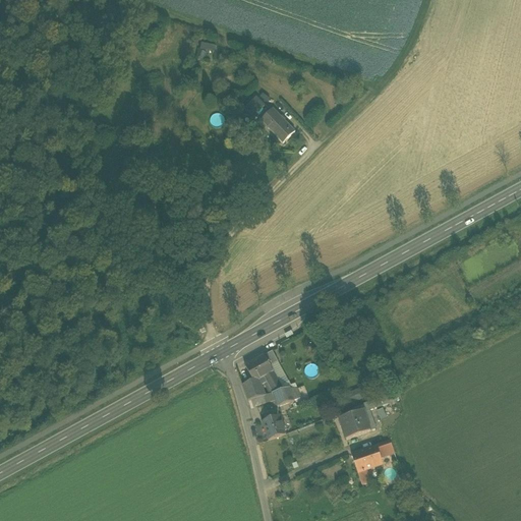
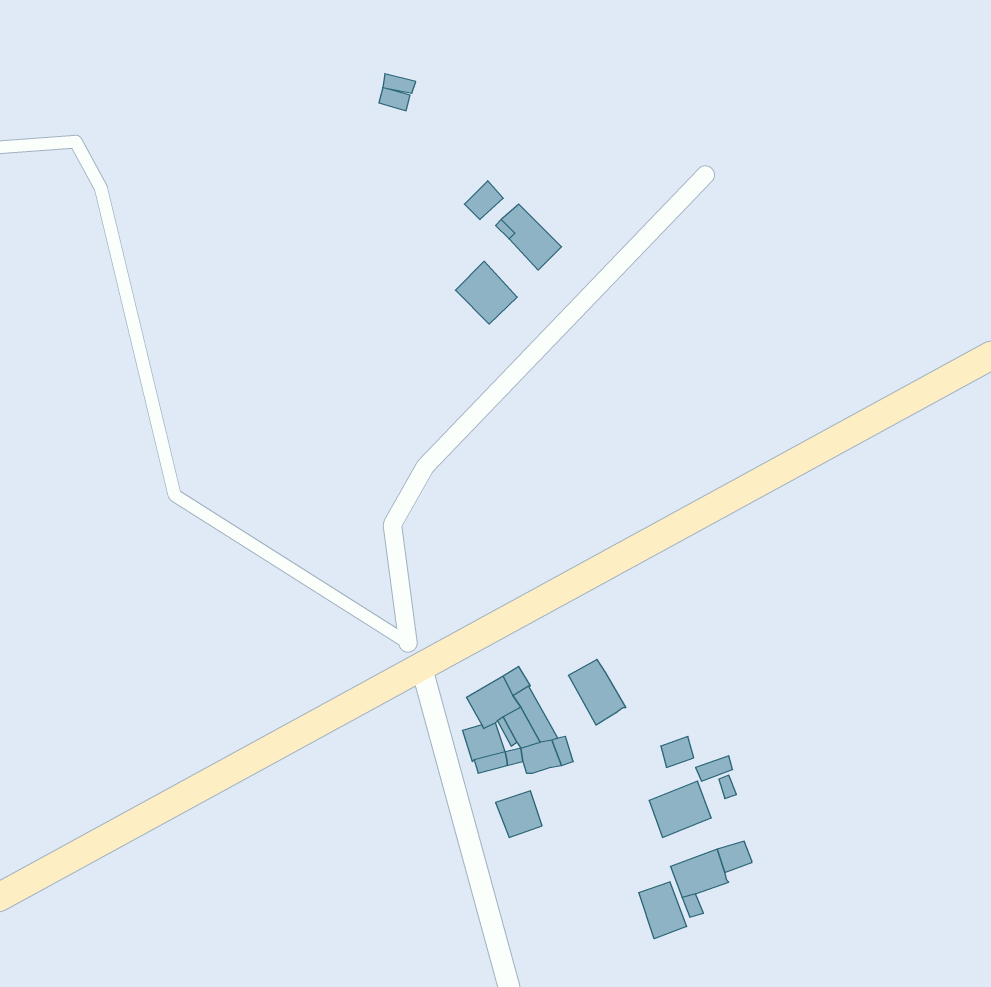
building: none -> [455,261,517,324]
building: none -> [568,659,626,725]
building: none -> [639,882,687,939]

